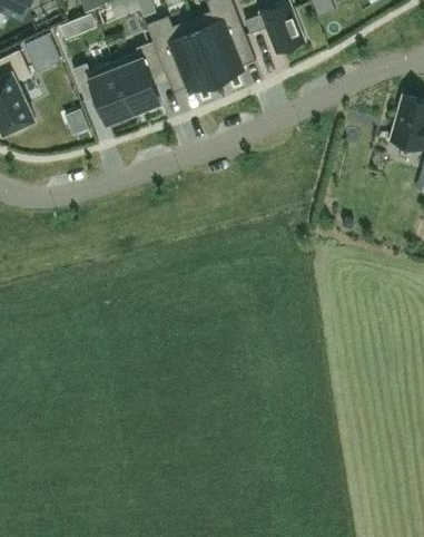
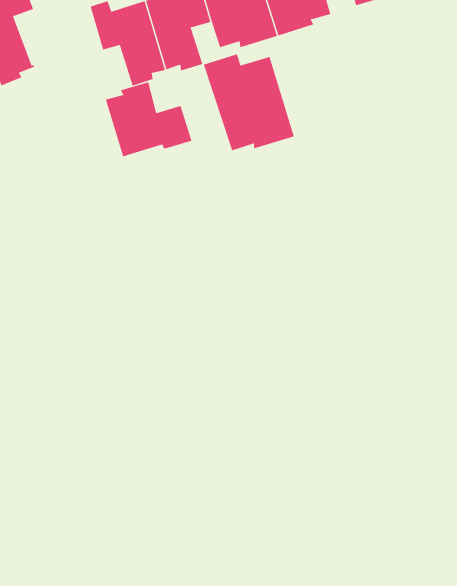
building: none -> [203,54,295,151]
building: none -> [105,82,192,157]

